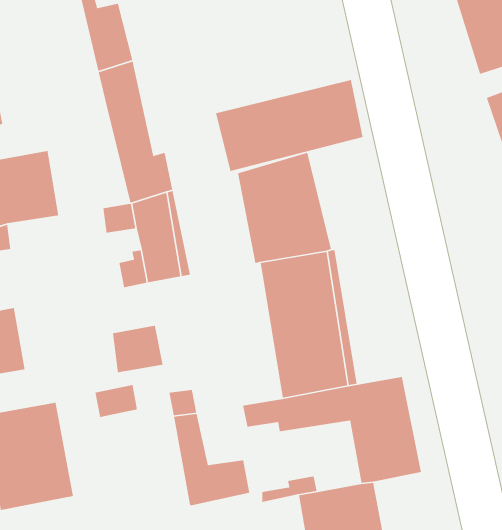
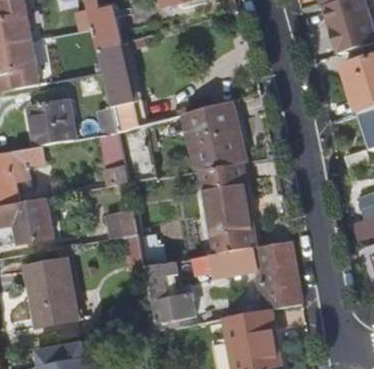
building: [215,79,364,172] -> none

